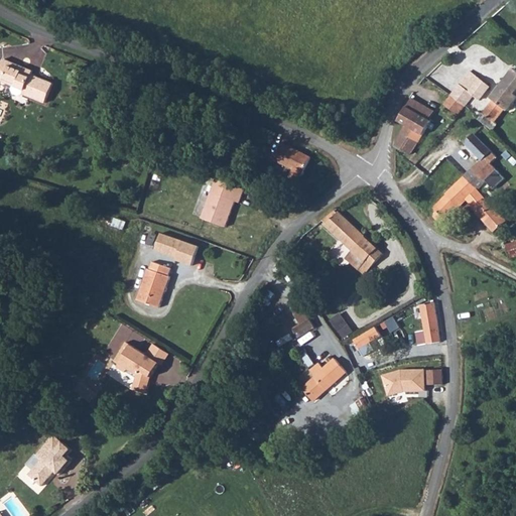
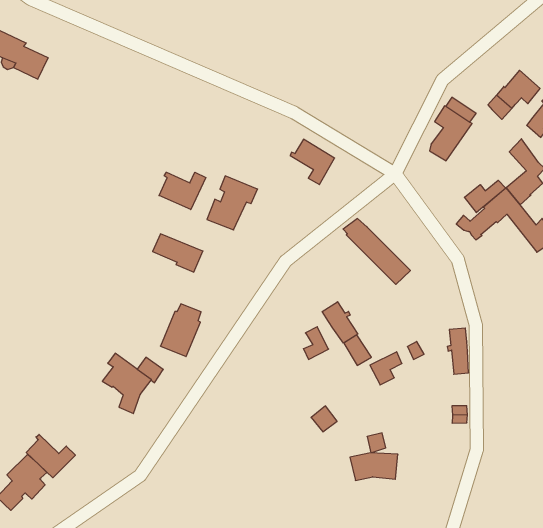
building: none -> [464,180,506,213]
building: none -> [159,172,206,210]
building: [135,261,169,307] -> [160,304,201,357]
building: none -> [322,302,358,343]
building: [308,358,349,390] -> none
building: [381,369,423,394] -> [350,453,398,480]
building: none -> [26,434,75,478]

